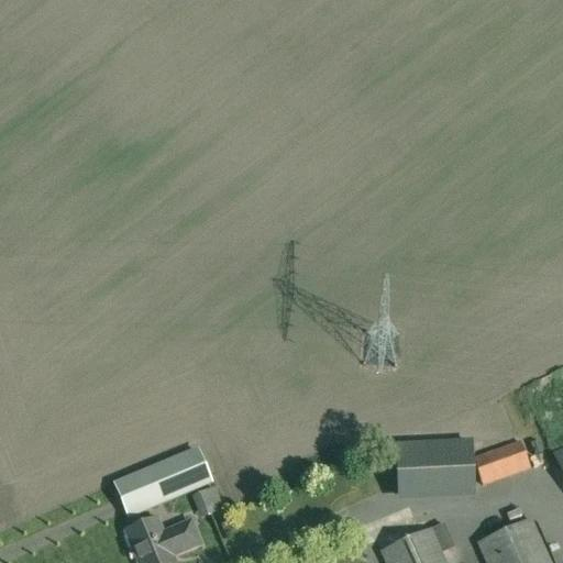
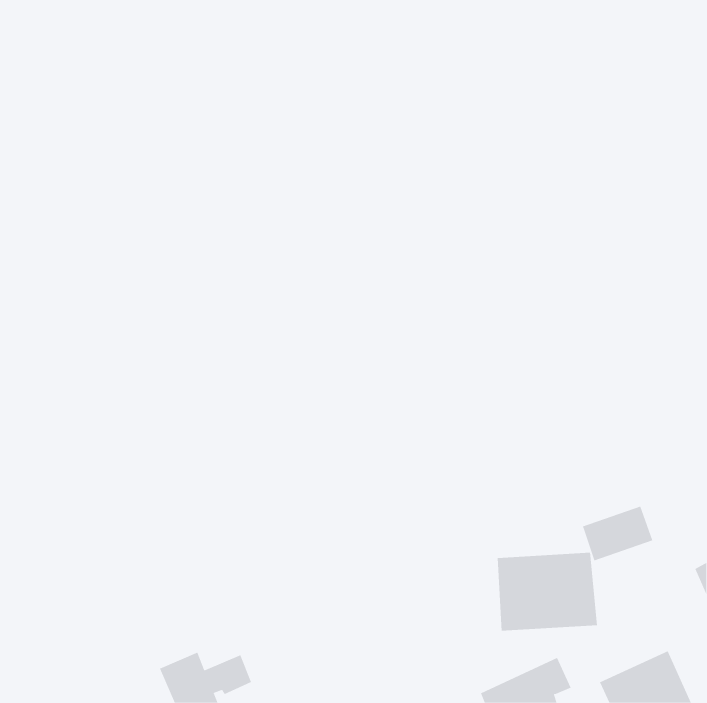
building: [473,440,530,484] -> [581,506,653,561]
building: [115,449,210,515] -> none

